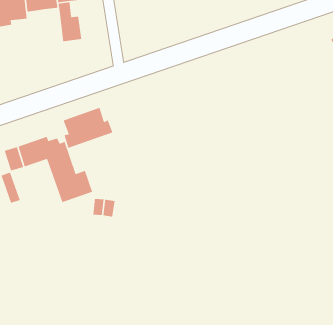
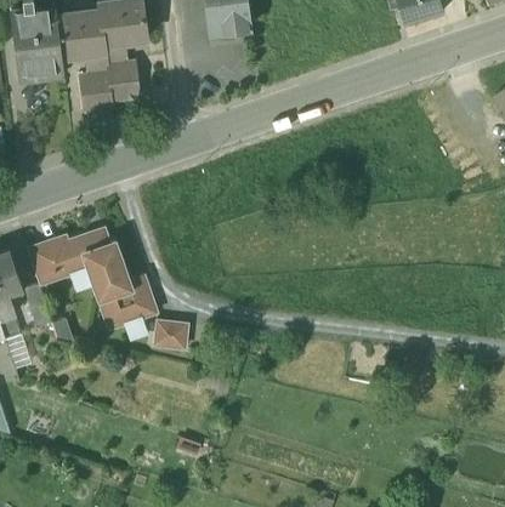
building: none -> [80,51,114,110]
building: [63,107,113,149] -> none

